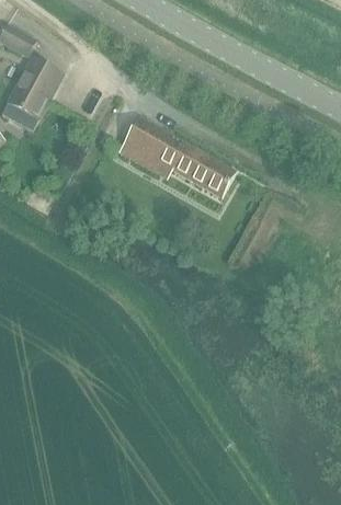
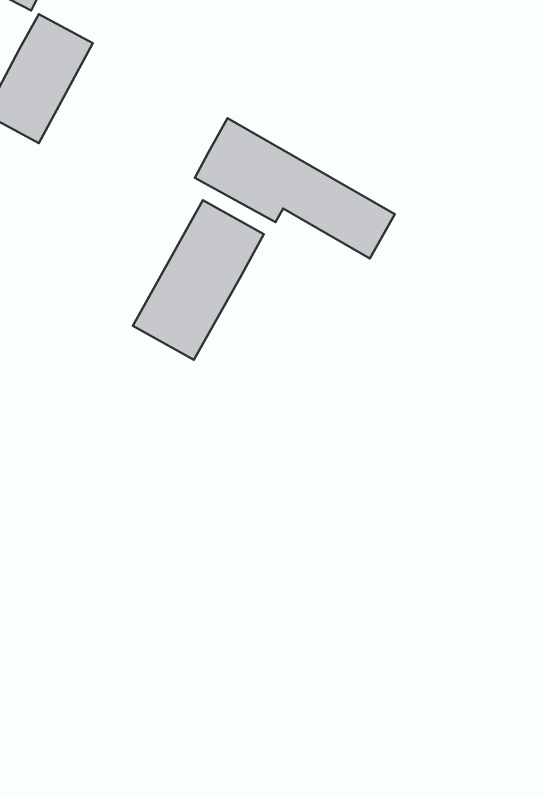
building: none -> [133,200,264,360]

